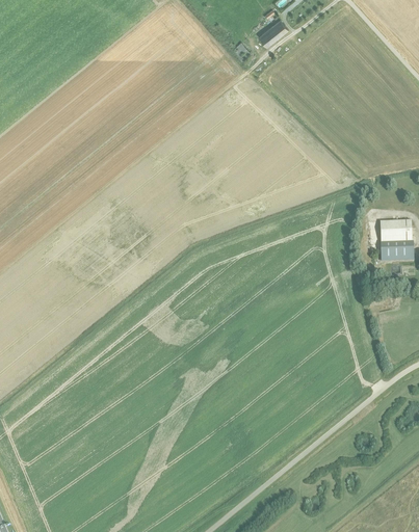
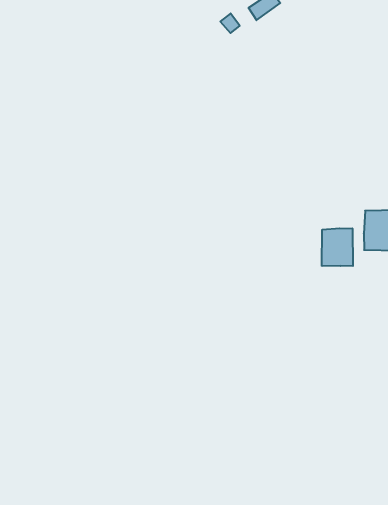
building: none -> [322,228,353,266]

